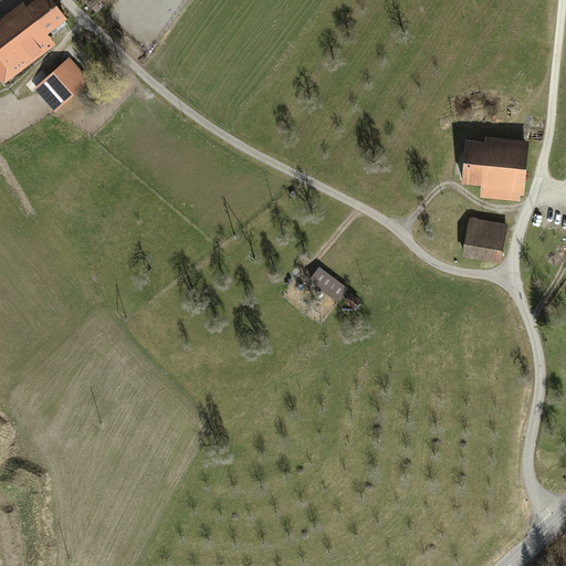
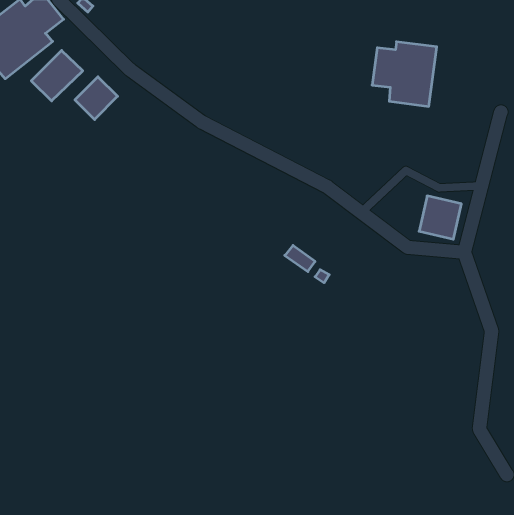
building: none -> [75,77,118,120]
building: [455,132,526,202] -> [372,42,437,106]

